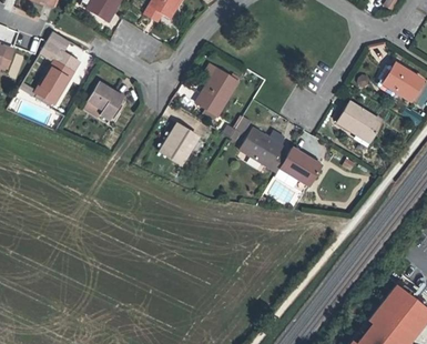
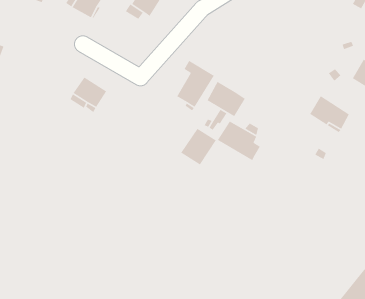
building: [34,31,79,103] -> none
building: none -> [206,81,246,117]
building: [160,124,199,164] -> [180,128,217,165]
building: [279,148,321,185] -> none

